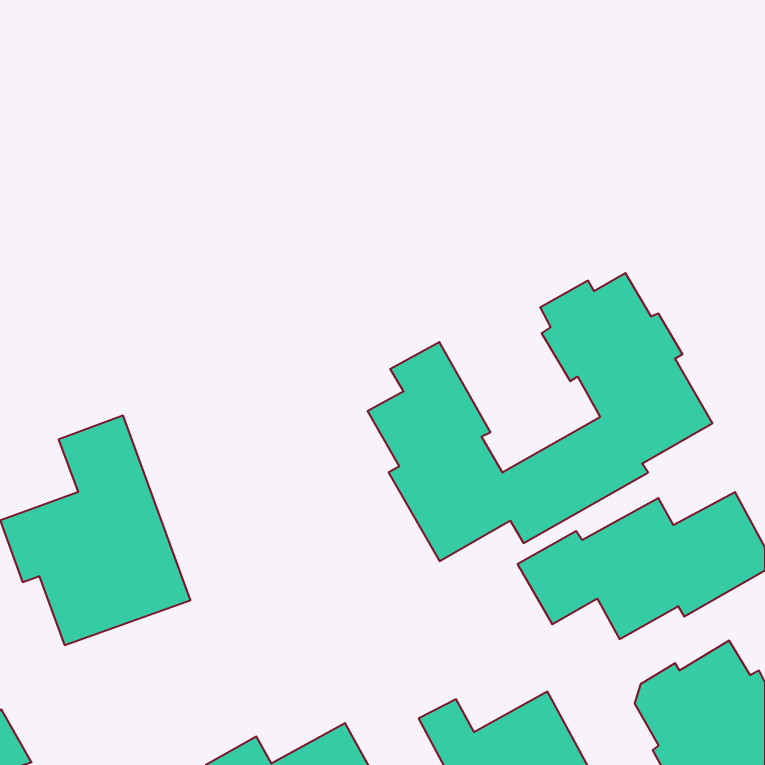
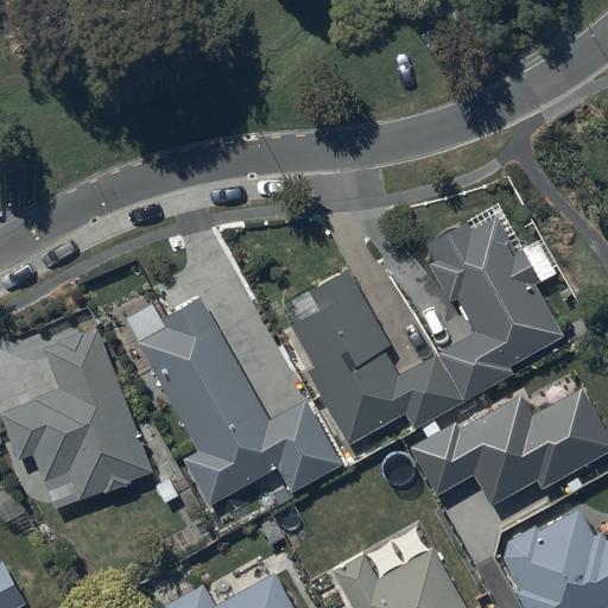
building: none -> [138,293,343,505]

